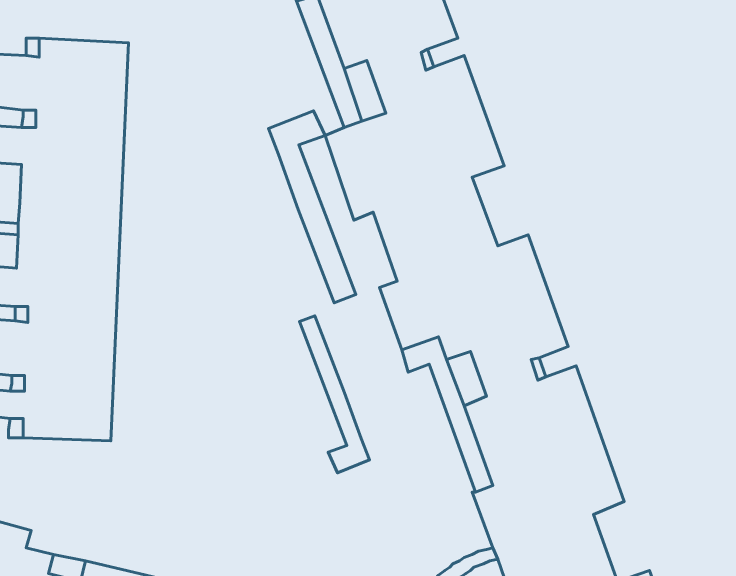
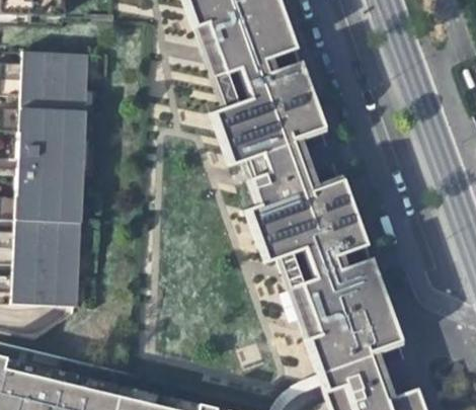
building: [268,111,356,303] -> none
building: [300,316,369,473] -> none

